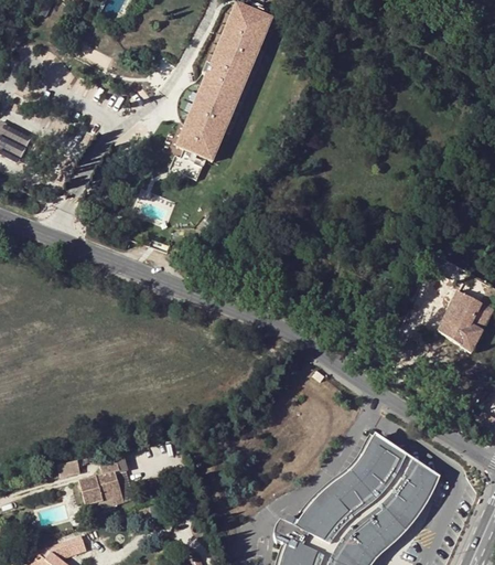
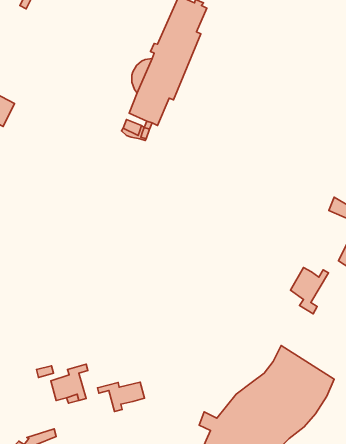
building: none -> [290,268,328,314]
building: none -> [98,382,145,412]

